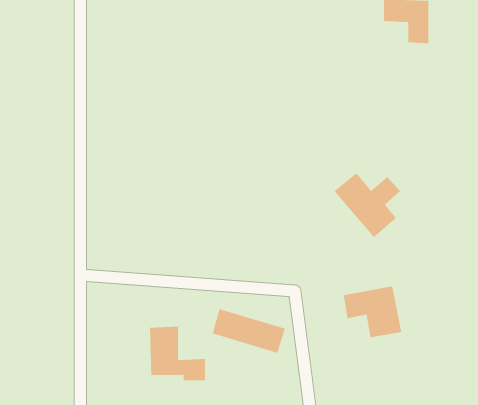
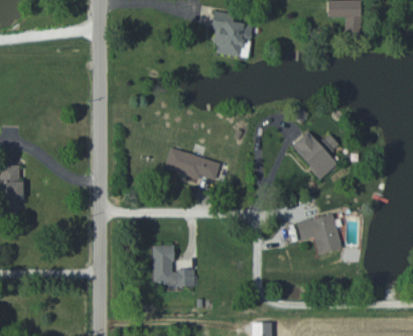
building: none -> [211,11,253,59]
building: [212,308,286,354] -> [165,148,221,183]

